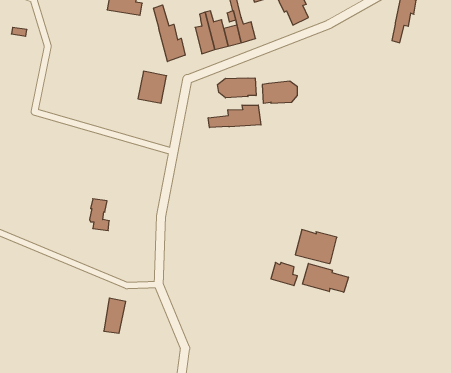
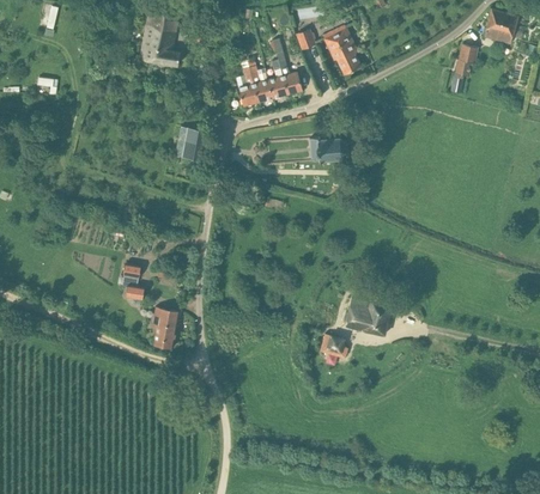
building: [154,5,185,62] -> none
building: [218,78,256,98] -> none
building: [208,105,261,128] -> none
building: [303,263,348,292] -> none
building: [104,298,126,333] -> [156,309,180,347]

